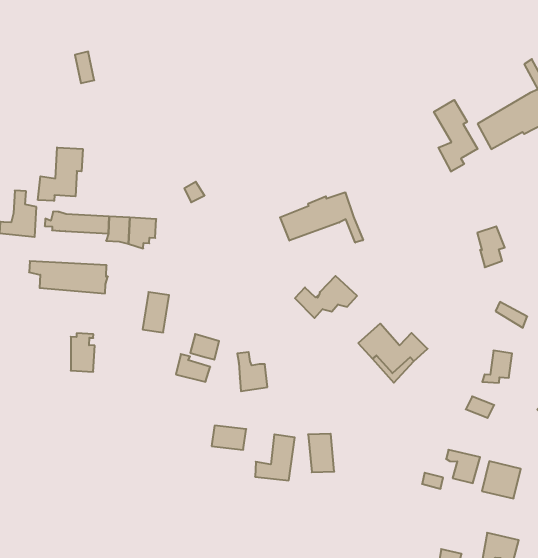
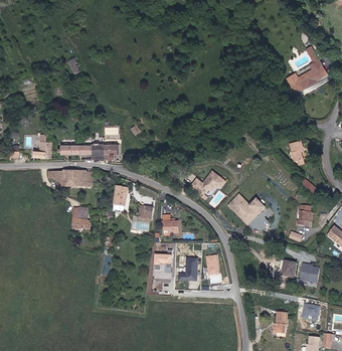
building: [434,100,478,172] -> none
building: [38,147,83,201] -> none
building: [280,192,363,243] -> none

